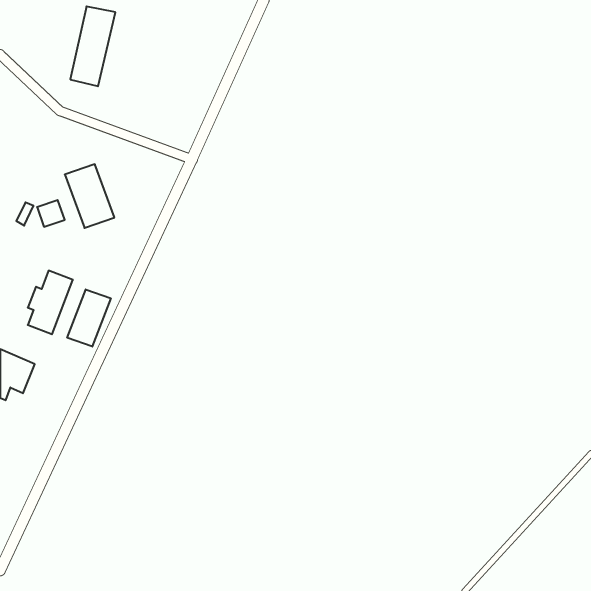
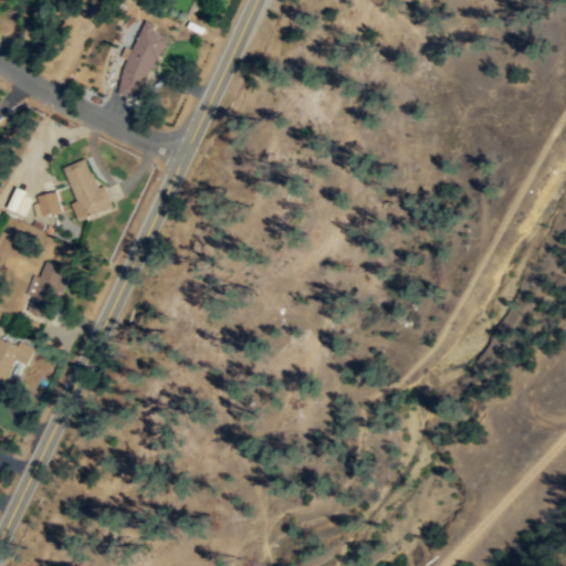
building: [70,6,115,86] -> [120,23,164,99]
building: [67,289,111,347] -> none

